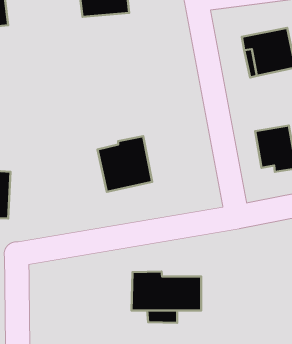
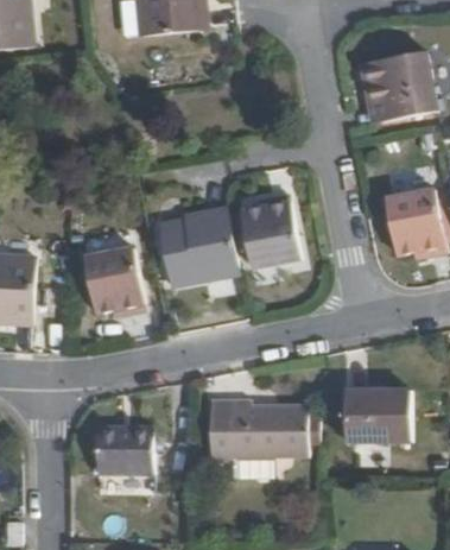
building: none -> [241,194,300,265]
building: none -> [85,247,145,316]
building: none -> [346,387,412,441]
building: none -> [95,428,152,473]

